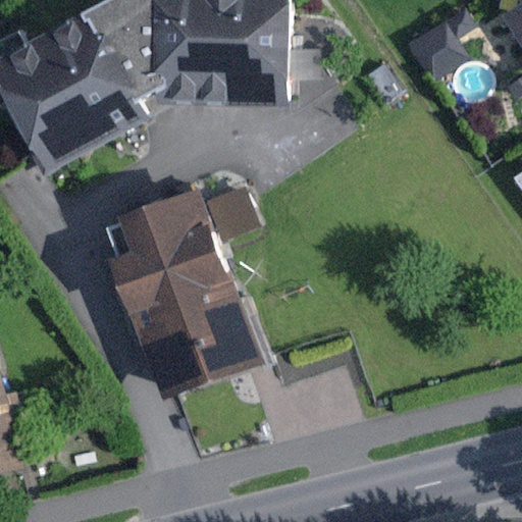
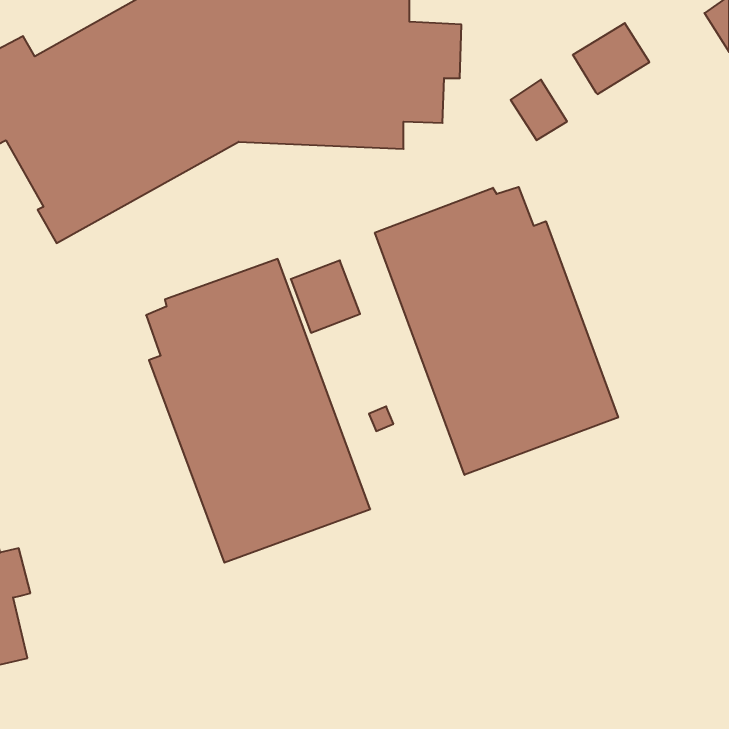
building: none -> [375,187,618,475]

